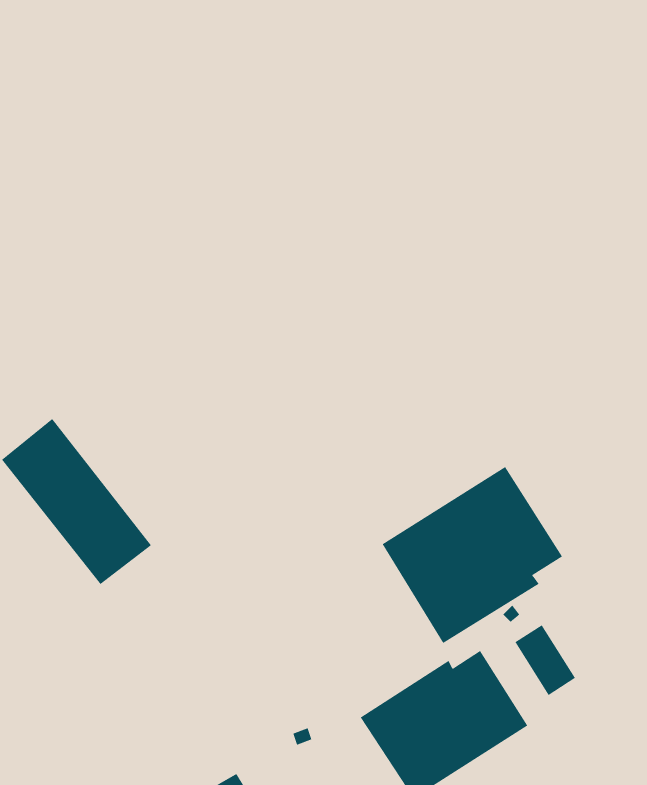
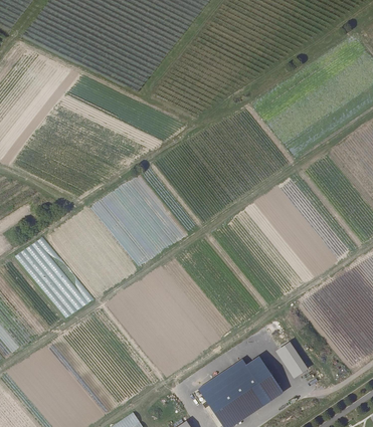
building: [382,466,563,644] -> none

